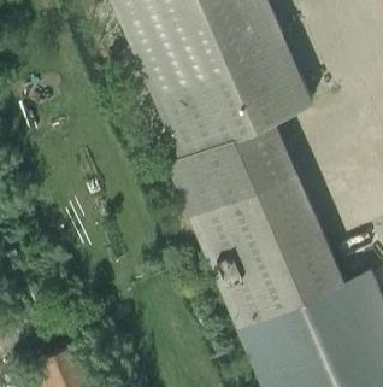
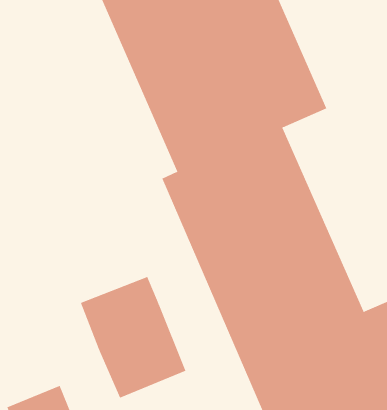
building: none -> [80,276,186,398]

